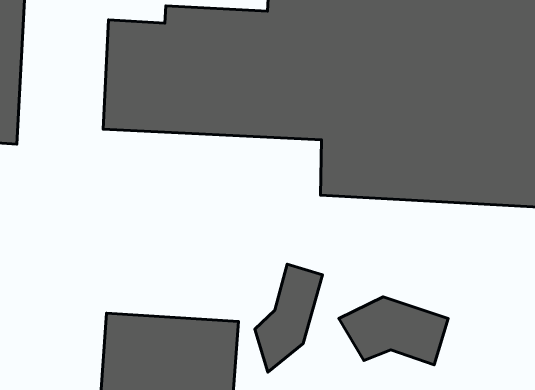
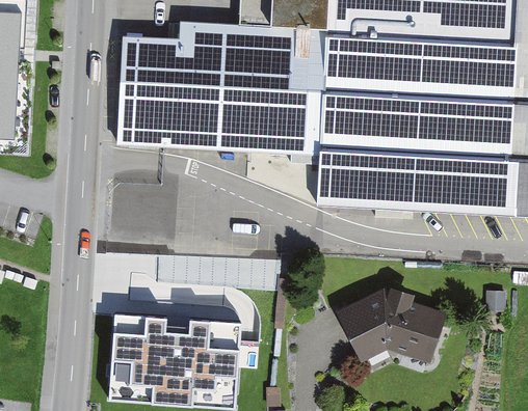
building: [255,264,322,372] -> none

